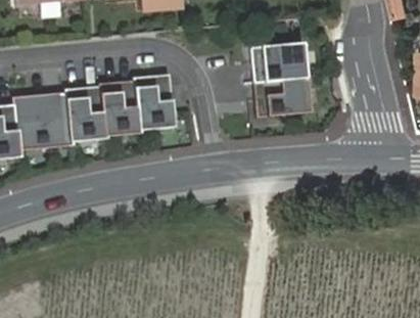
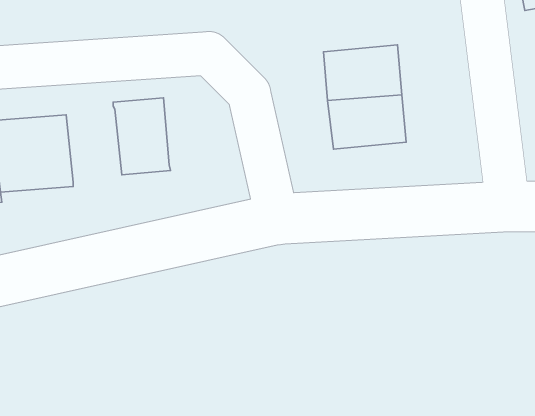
building: [132,74,173,128] -> none
building: [63,86,104,140] -> none

